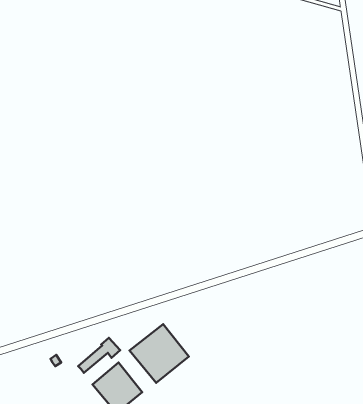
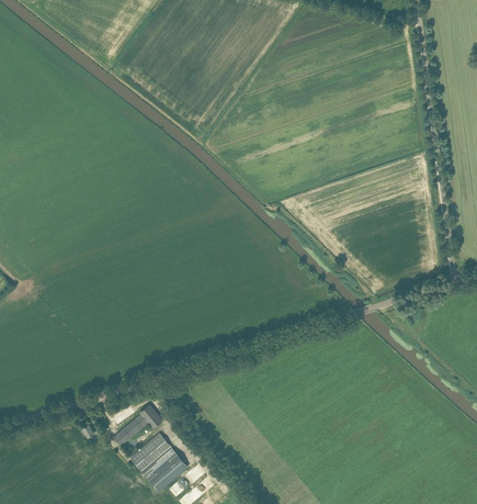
building: [129,324,189,383] -> none

